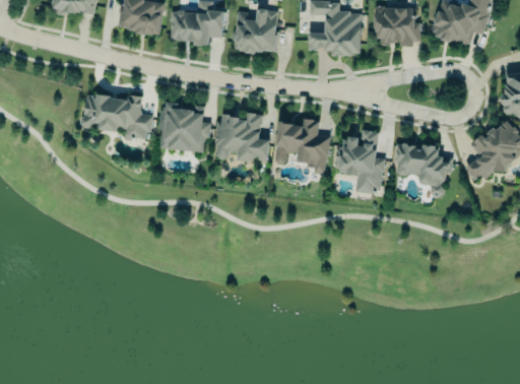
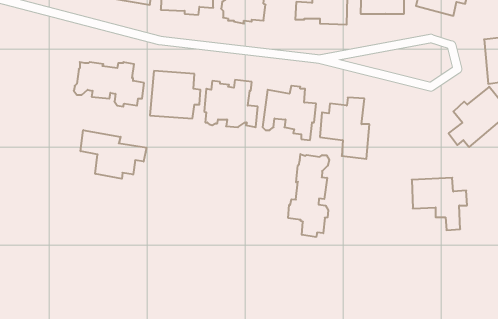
building: [395,144,452,198] -> [412,178,467,230]
building: none -> [81,130,147,179]
building: none -> [288,154,329,237]

